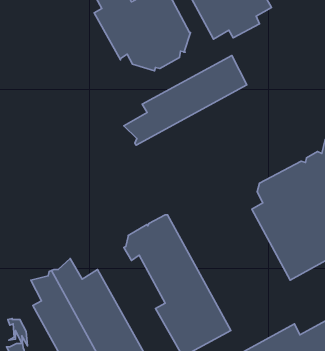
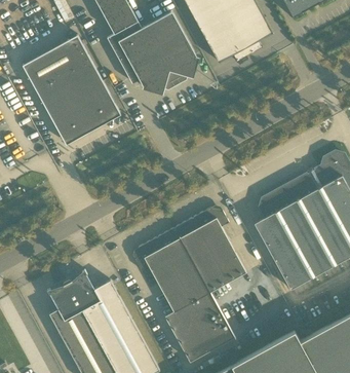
building: none -> [23,35,119,142]
building: [124,56,247,145] -> none
building: none -> [176,208,246,337]

